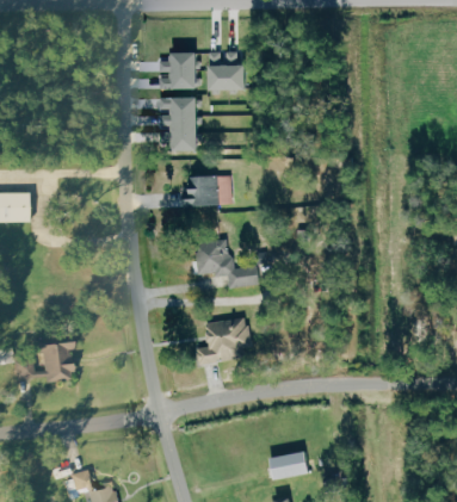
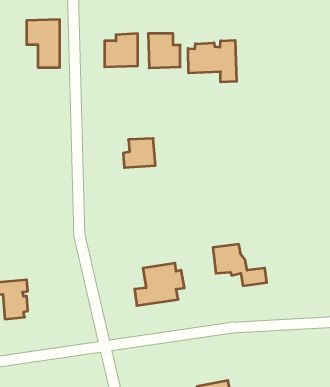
building: none -> [188,40,237,82]
building: [162,98,200,153] -> [27,20,60,67]
building: [196,238,258,286] -> [213,244,267,286]

